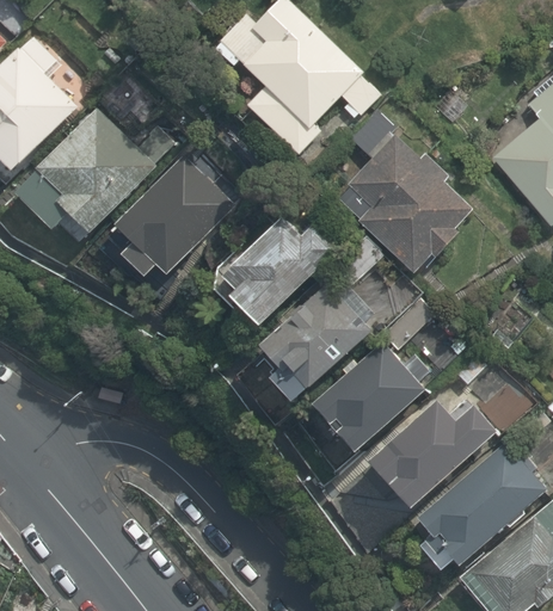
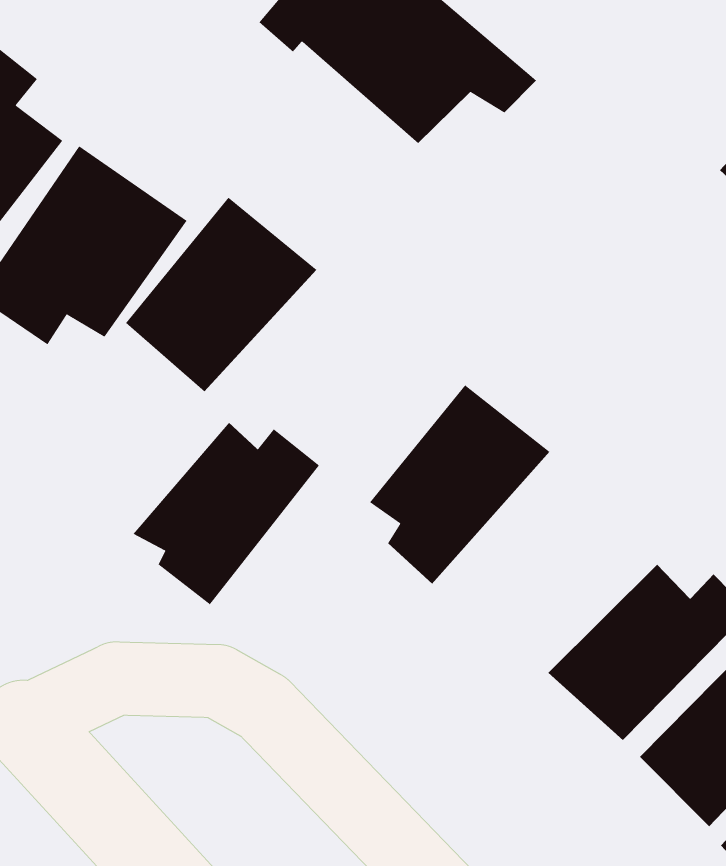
building: [346,135,472,273] -> none
building: [222,214,342,327] -> [133,422,320,605]
building: [311,344,422,450] -> none

